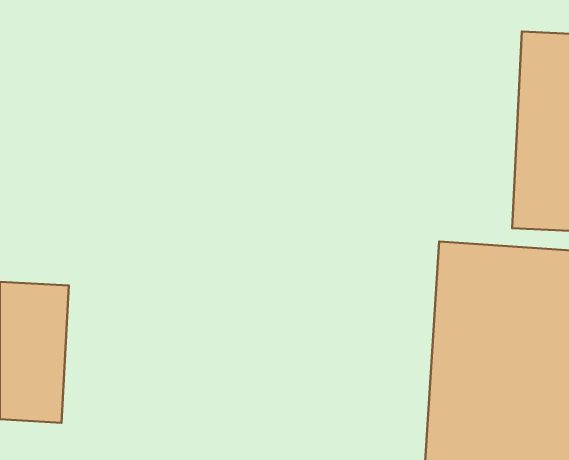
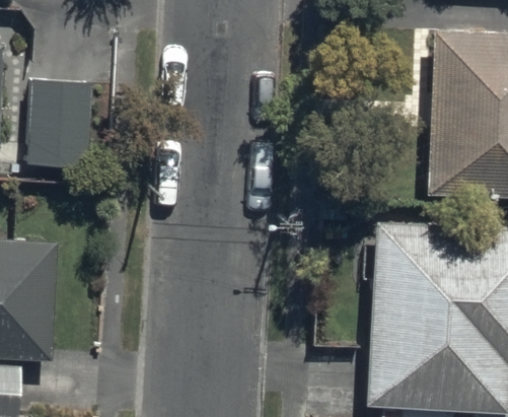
building: none -> [20,80,87,167]

